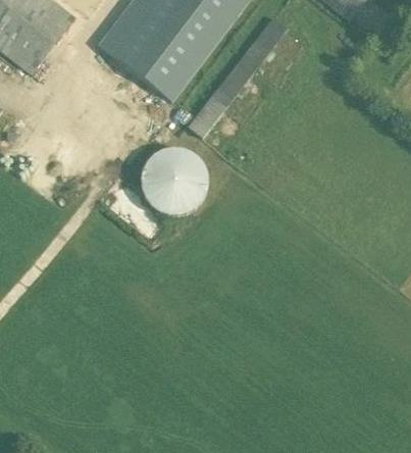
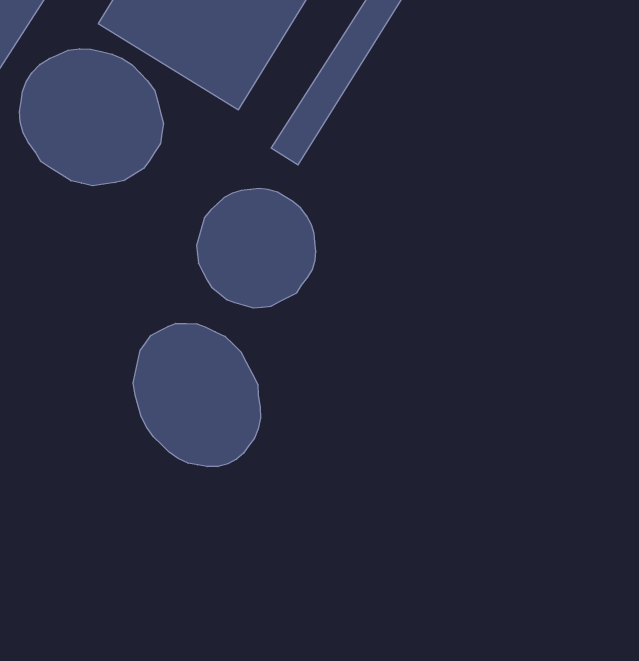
building: none -> [20,49,163,186]
building: none -> [133,323,261,467]

